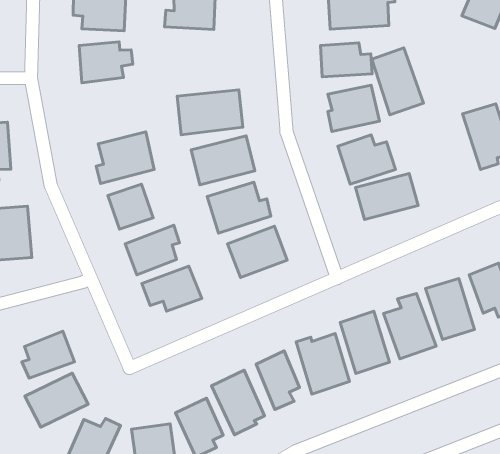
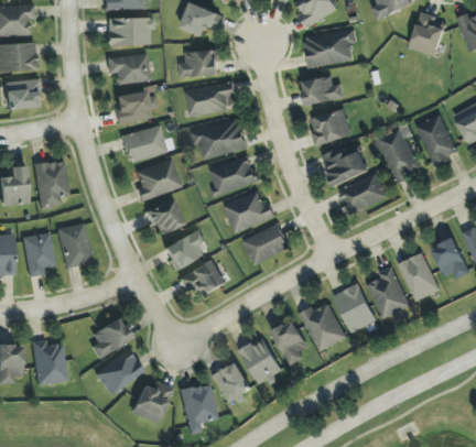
building: none -> [186,81,237,117]
building: [372,48,424,115] -> [378,128,421,181]
building: none -> [121,124,167,162]

